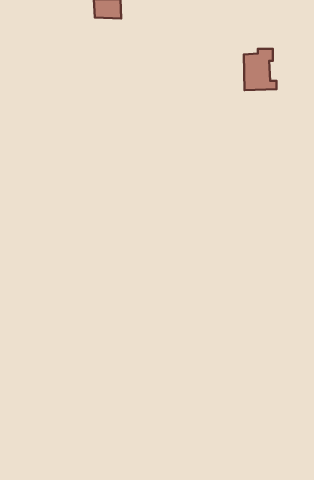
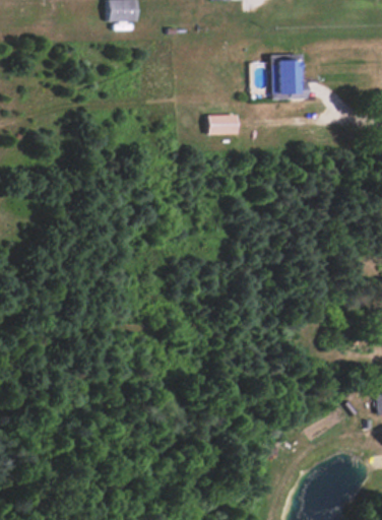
building: none -> [209,114,239,134]

